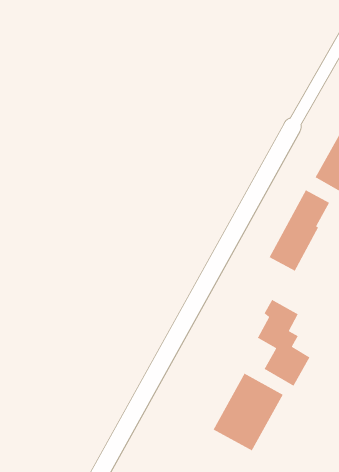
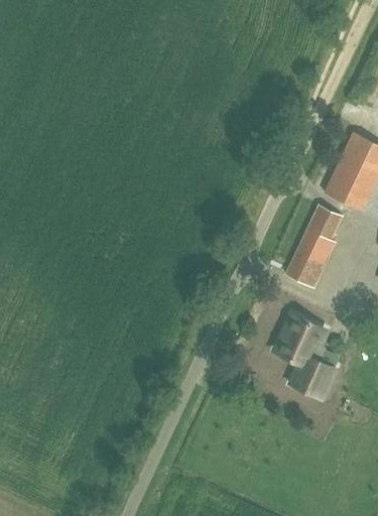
building: [212,373,284,452] -> none

